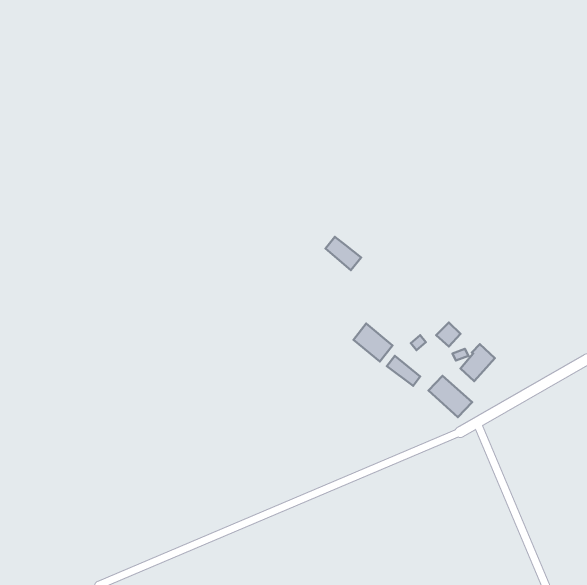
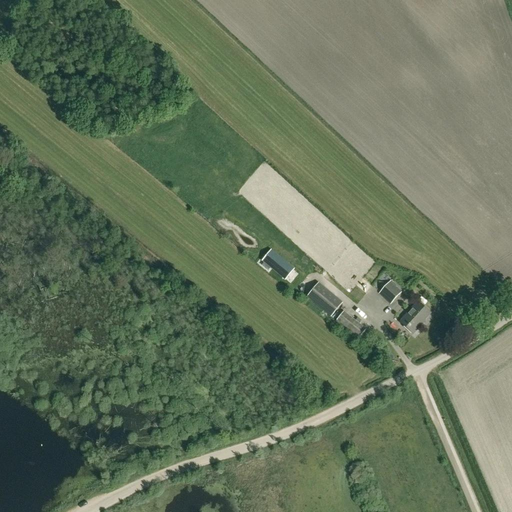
building: [326,237,361,270] -> [262,248,293,277]
building: [428,376,472,417] -> none

